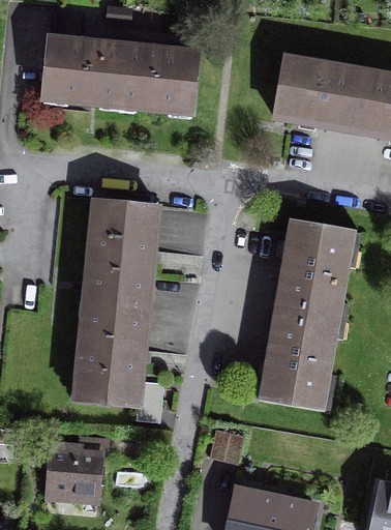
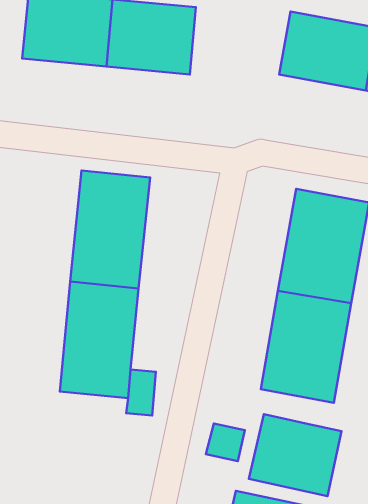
building: none -> [249,414,341,496]
building: [49,439,108,496] -> none

